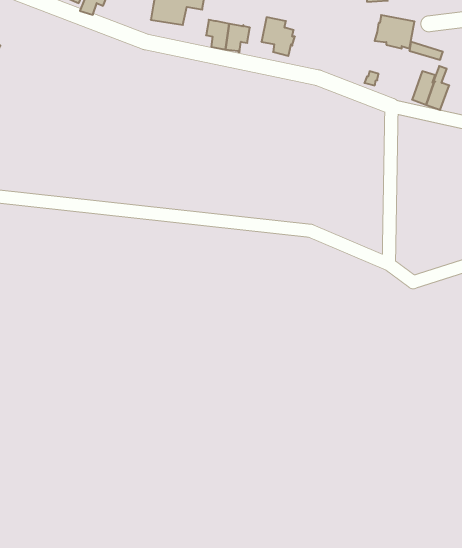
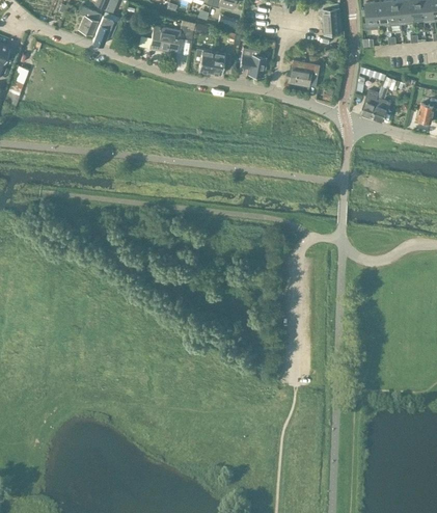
building: [375,15,415,49] -> [288,59,320,86]

